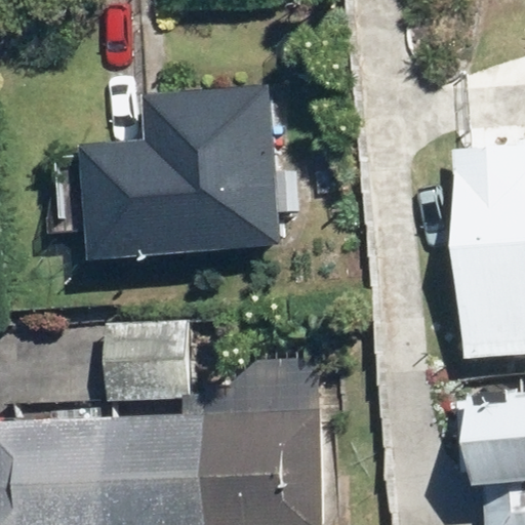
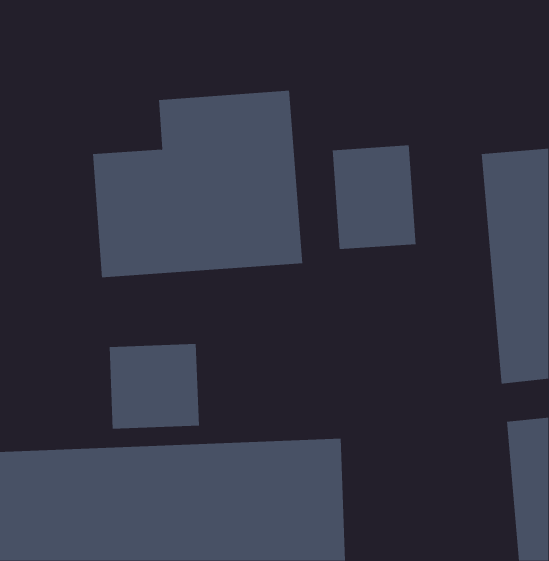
building: none -> [332,145,416,250]

